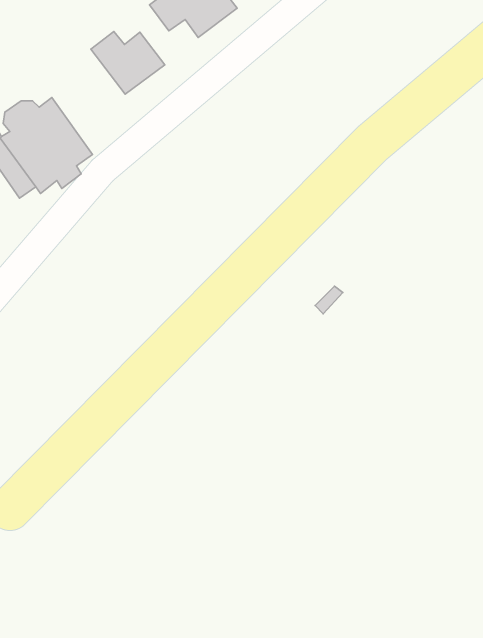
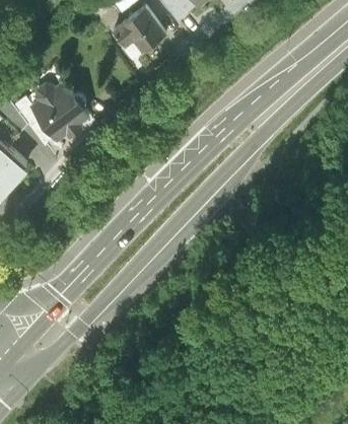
building: [91,32,165,94] -> none

